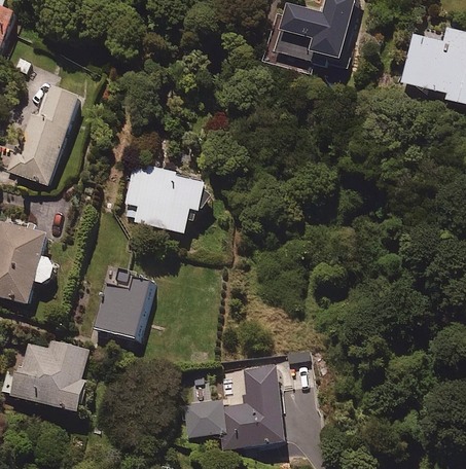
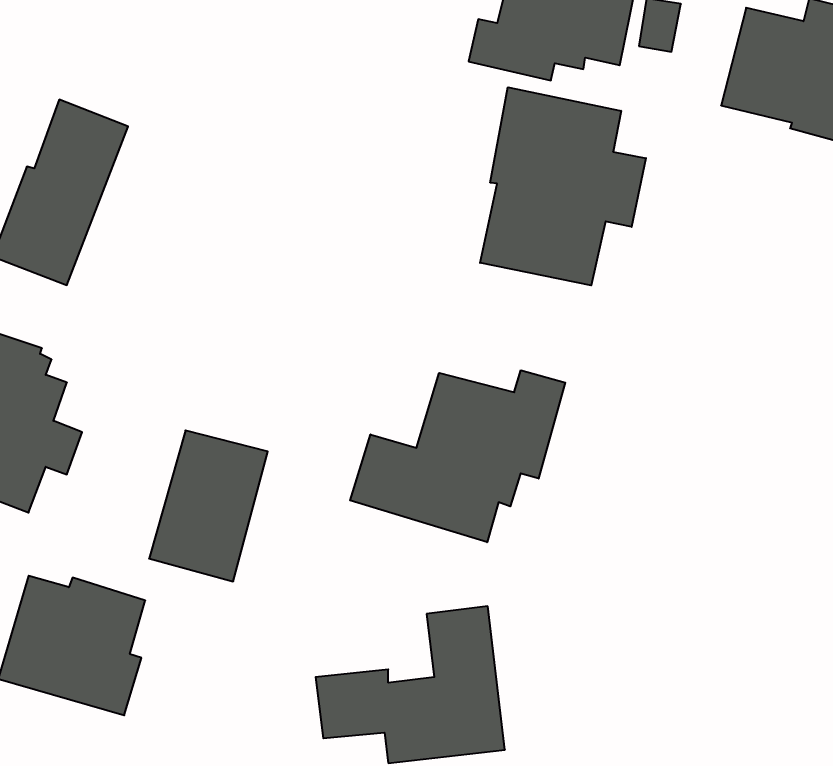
building: none -> [480,87,646,285]
building: [118,165,208,234] -> none
building: none -> [350,370,565,542]

